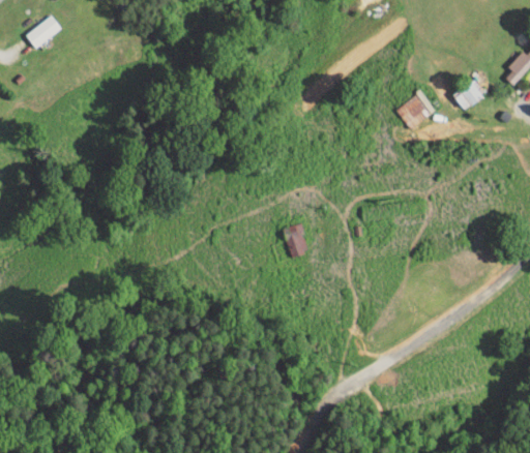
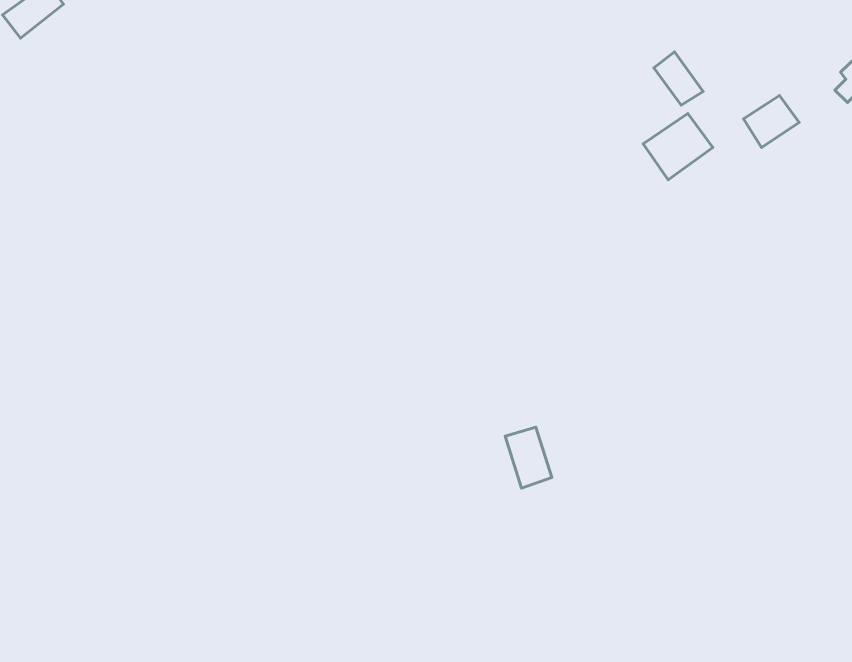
building: none -> [654,52,703,105]
building: [283,223,310,259] -> [505,427,552,488]

